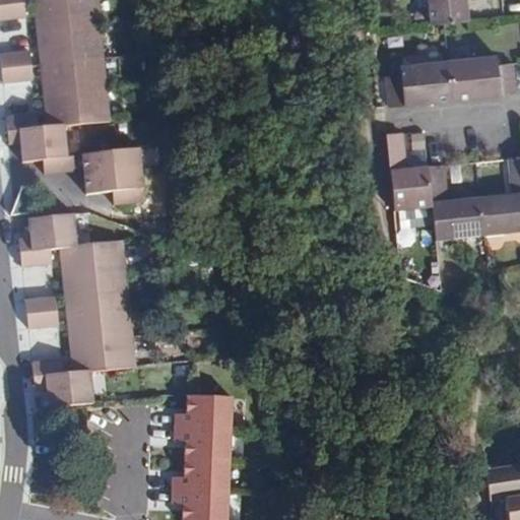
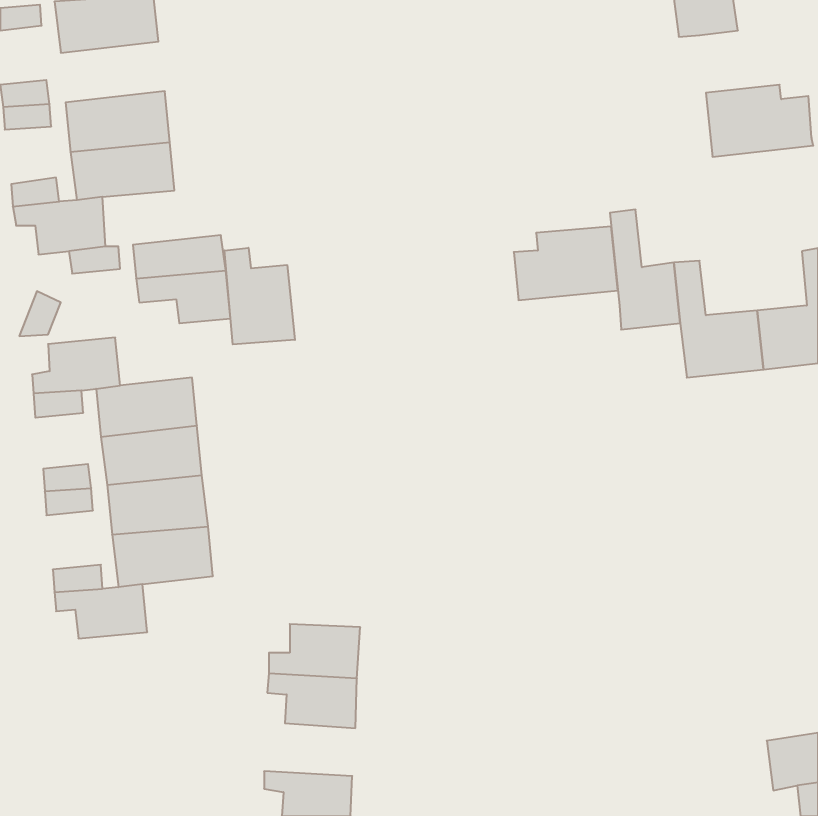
building: [39,26,105,65] -> none
building: [386,59,452,106] -> [514,227,618,300]
building: none -> [224,248,295,344]
building: [168,459,225,493] -> none

